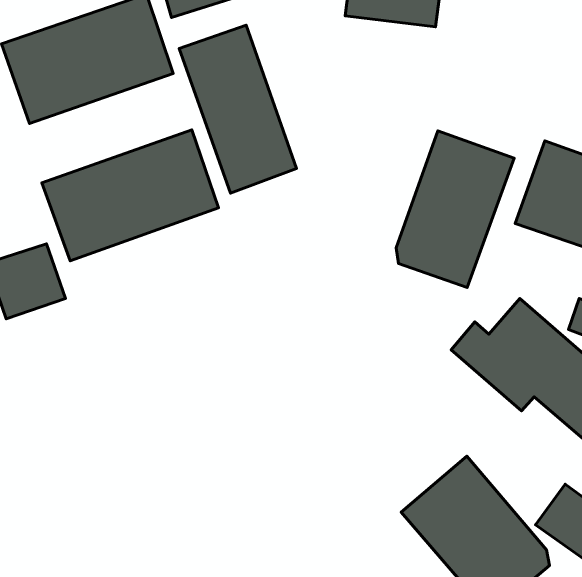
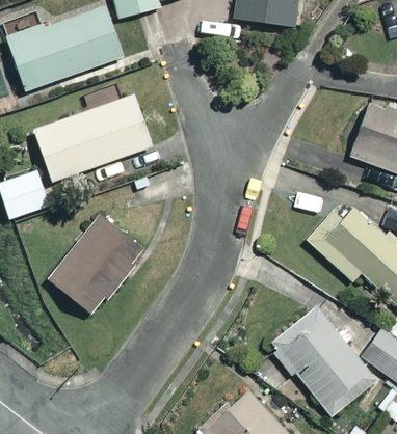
building: [179,25,296,193] -> none
building: [396,131,514,288] -> none
building: none -> [50,215,142,313]

